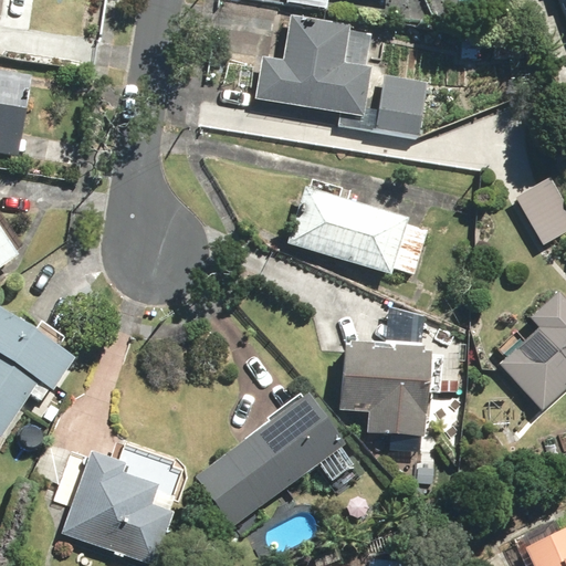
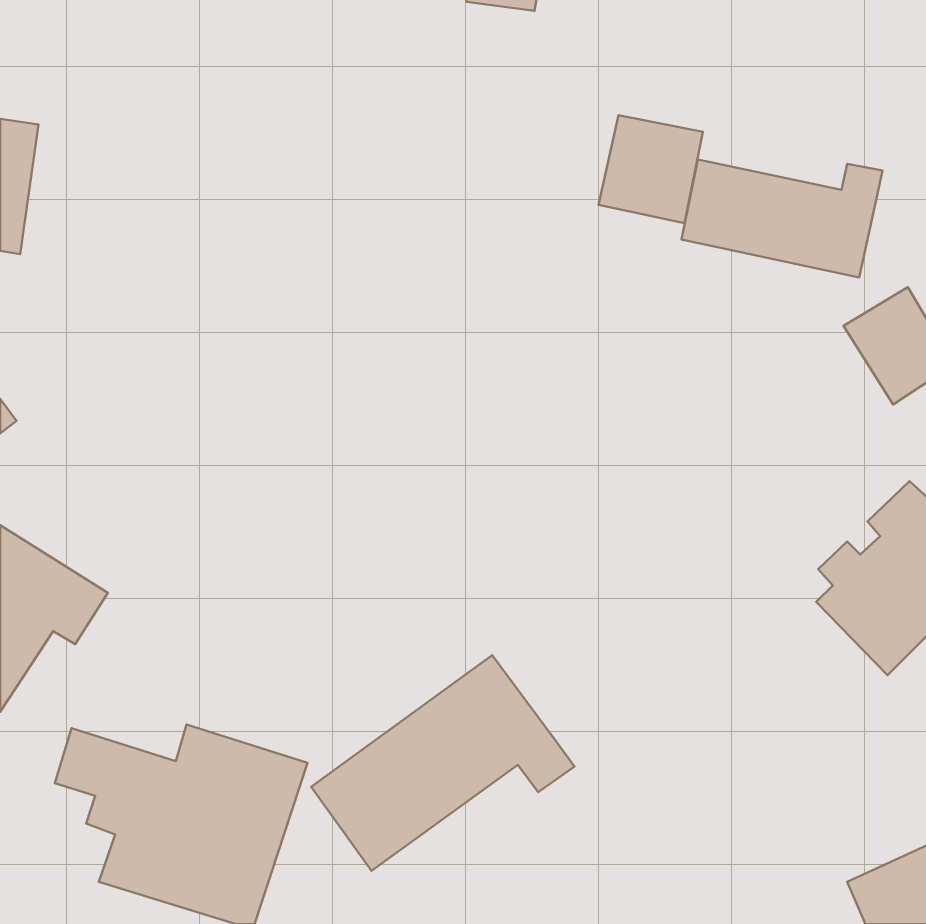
building: [255,15,366,116] -> none
building: none -> [681,160,883,277]
building: [286,188,431,275] -> none
building: [337,336,442,437] -> none

